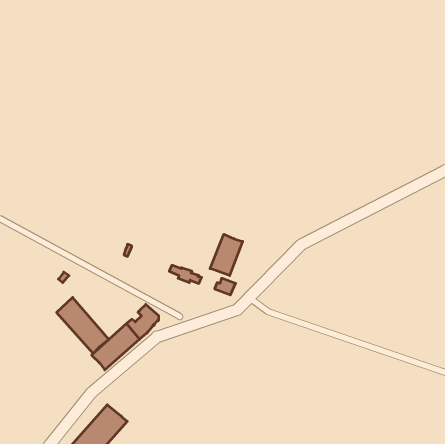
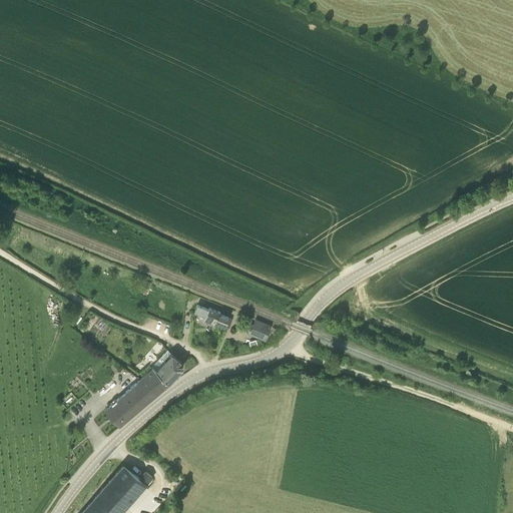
building: [210,234,243,276] -> none
building: [57,297,109,353] -> none

